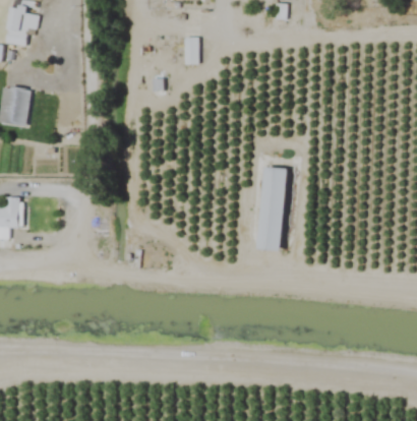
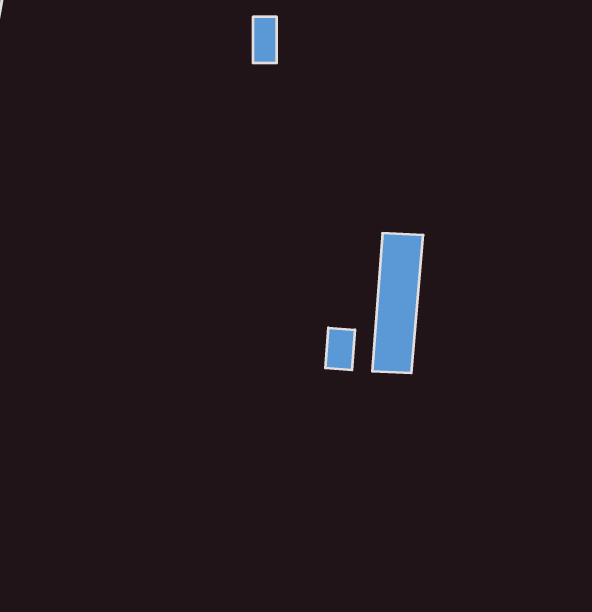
building: none -> [325,328,355,370]

